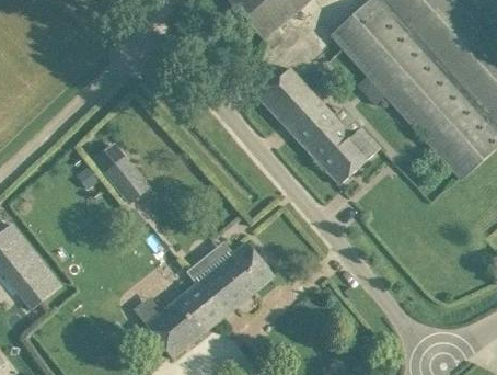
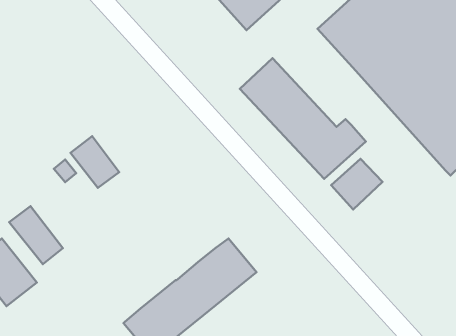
building: none -> [331,159,383,209]
building: none -> [9,206,63,264]

